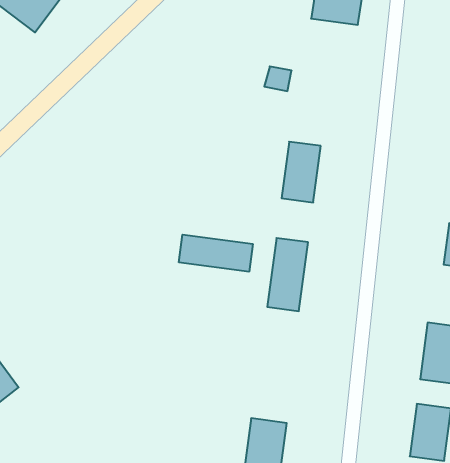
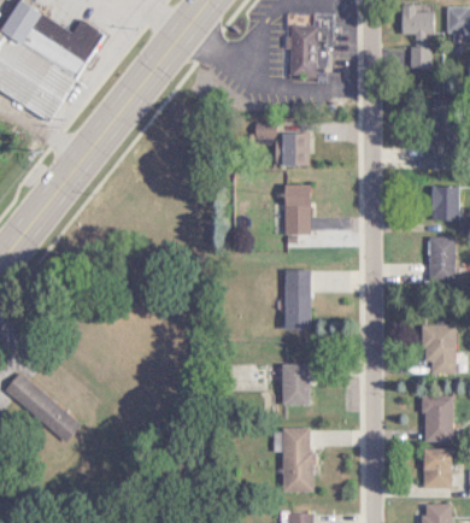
building: none -> [280,133,309,166]
building: [179,235,253,272] -> none
building: none -> [282,364,310,405]

